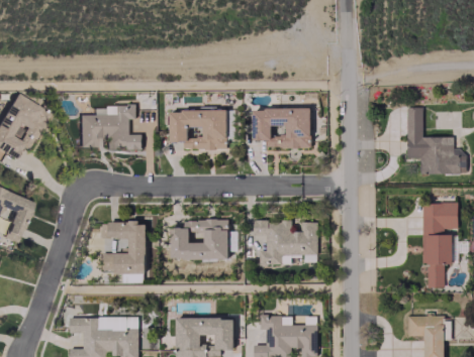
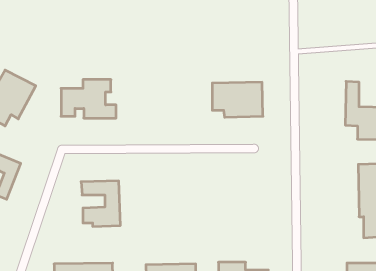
building: [170,110,227,149] -> none
building: [171,219,228,259] -> none
building: [253,220,317,264] -> none

